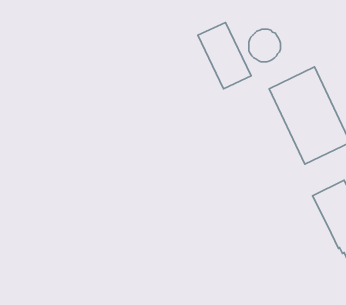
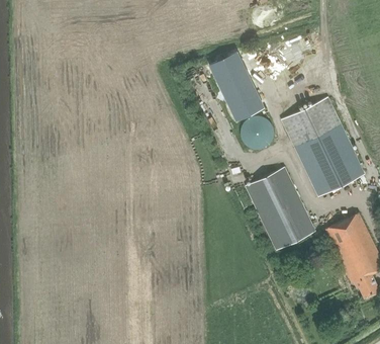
building: [249,29,281,62] -> [240,115,272,149]
building: none -> [246,167,317,251]

